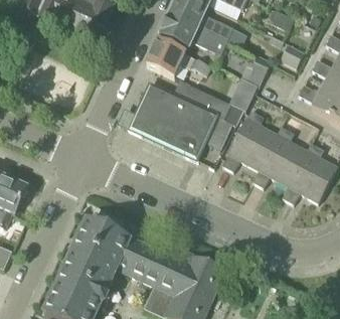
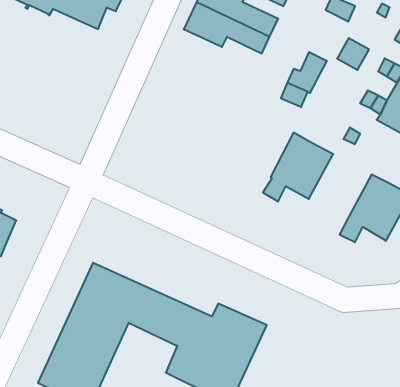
building: [146,38,210,75] -> none
building: [129,78,243,159] -> none
building: [251,133,307,186] -> none

